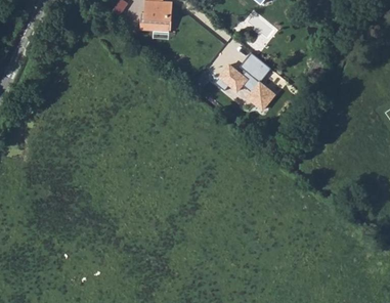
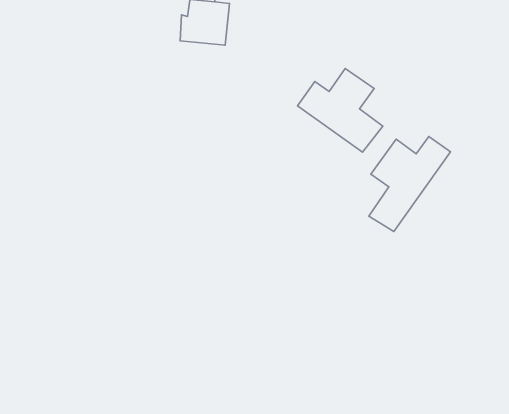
building: none -> [369,136,450,232]

